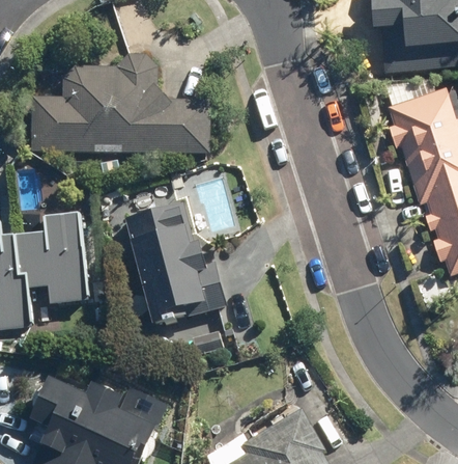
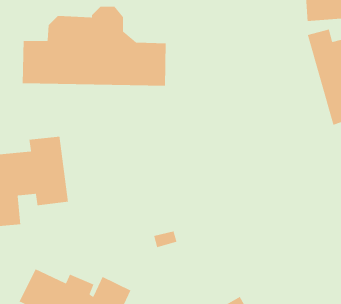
building: [123,200,227,325] -> none

